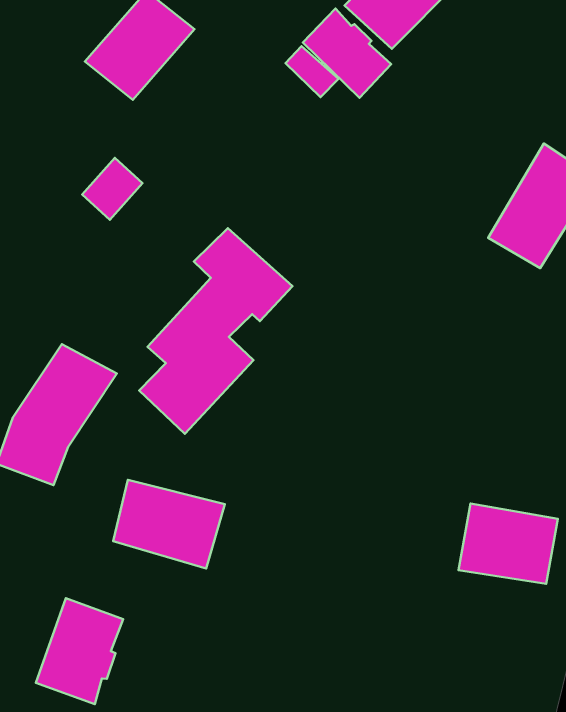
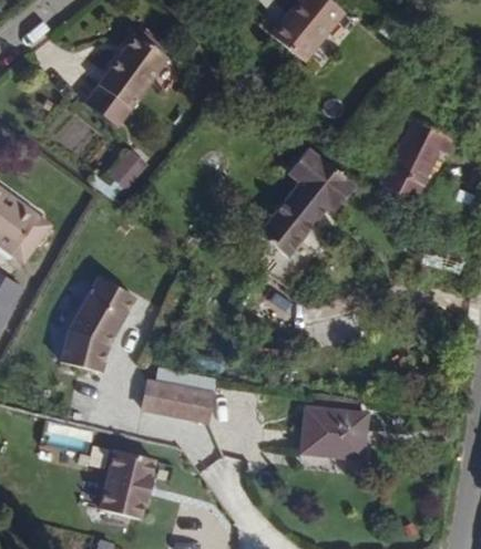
building: [303,8,391,98] -> none
building: [139,228,292,434] -> [256,149,354,290]
building: [458,504,558,584] -> [301,407,366,457]

